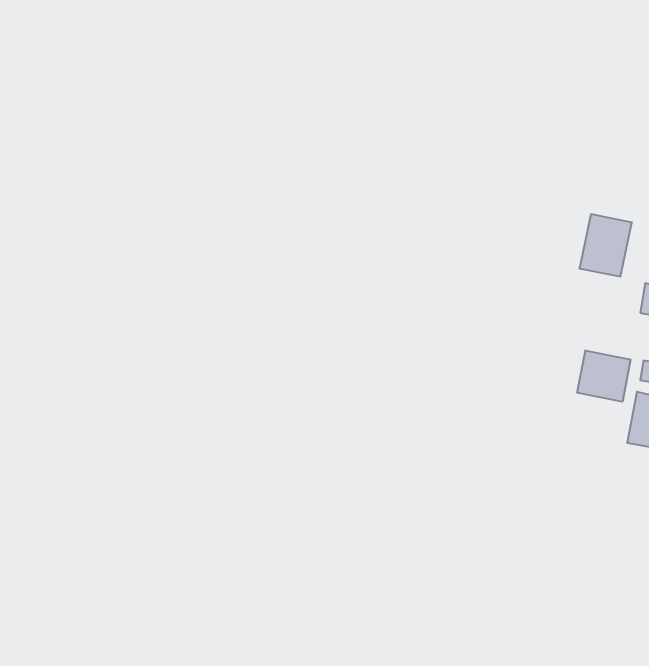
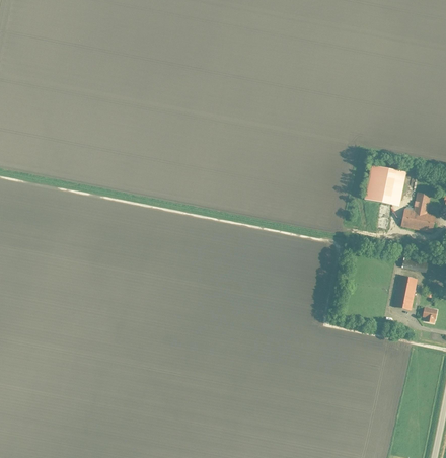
building: [577,350,631,402] -> none

